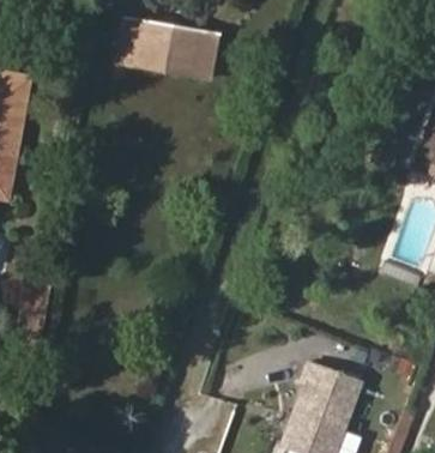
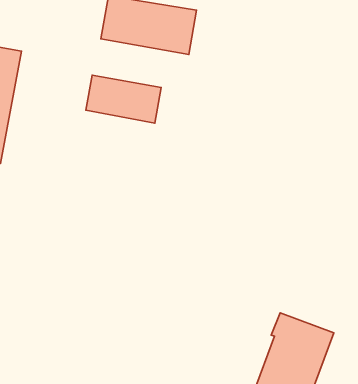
building: none -> [86,75,161,123]

